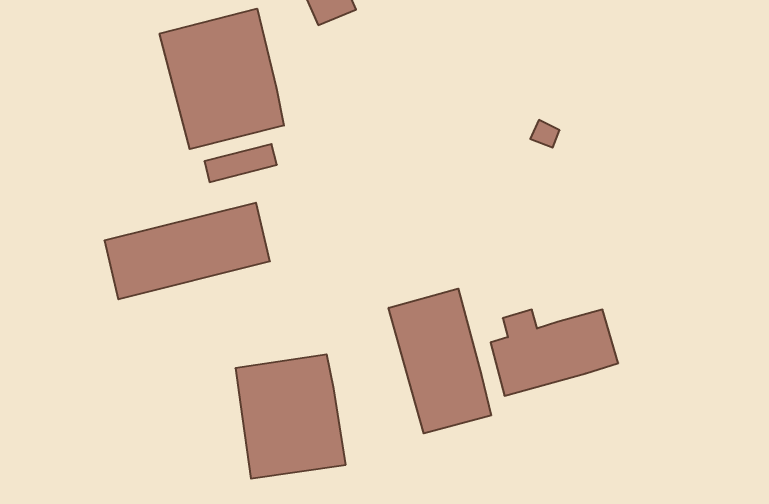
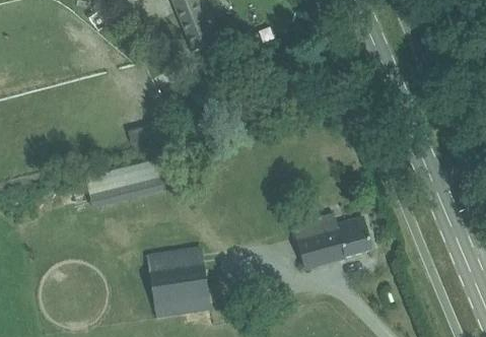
building: [160,9,284,149] -> none
building: [389,289,491,433] -> none

